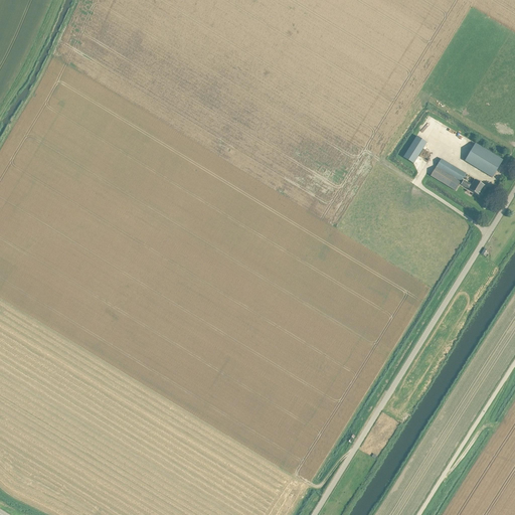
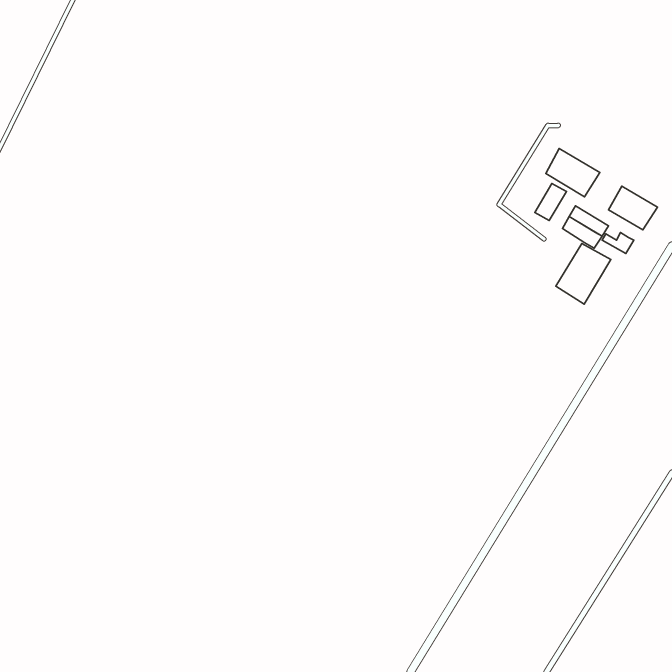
building: none -> [546,148,600,197]
building: none -> [556,244,611,304]

